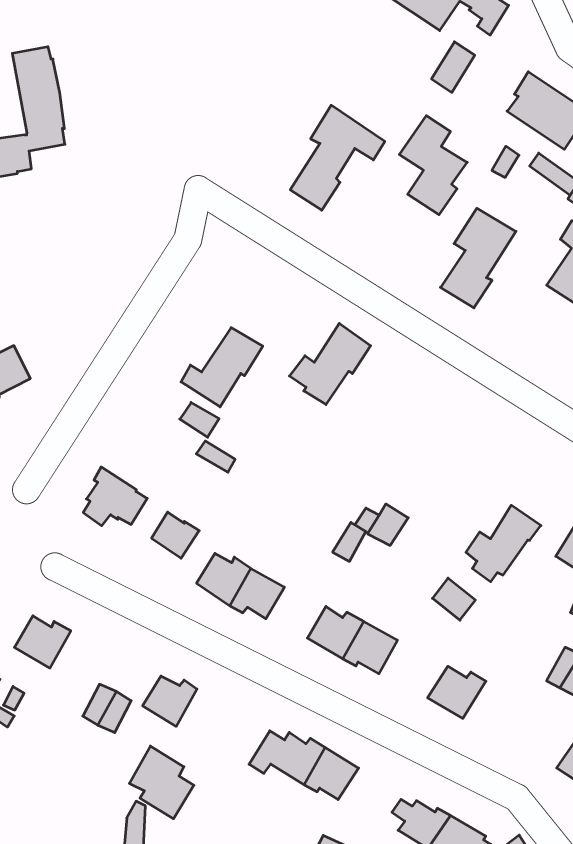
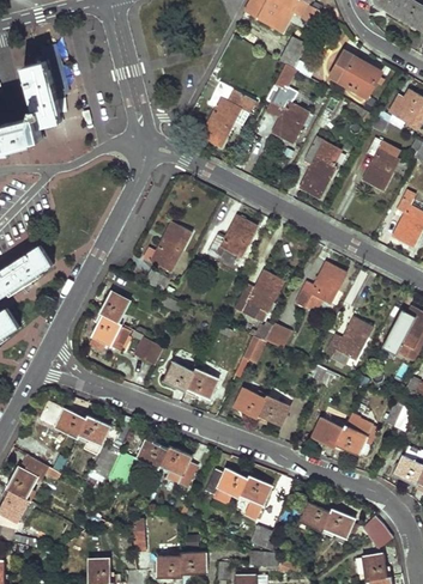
building: none -> [294,261,346,306]
building: none -> [235,269,284,317]
building: none -> [99,291,132,327]
building: none -> [79,416,110,448]
building: none -> [334,415,377,456]
building: [129,746,194,819] -> [159,445,199,488]

